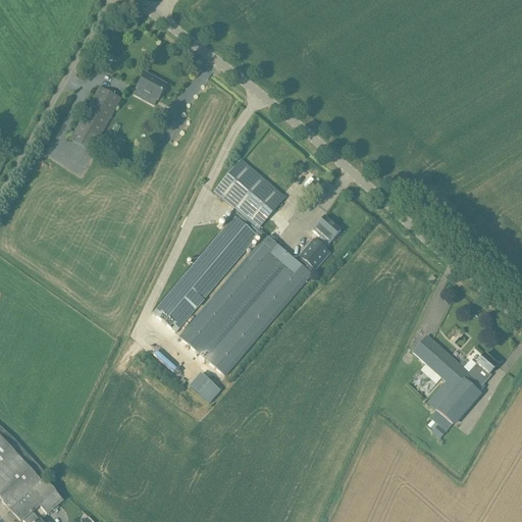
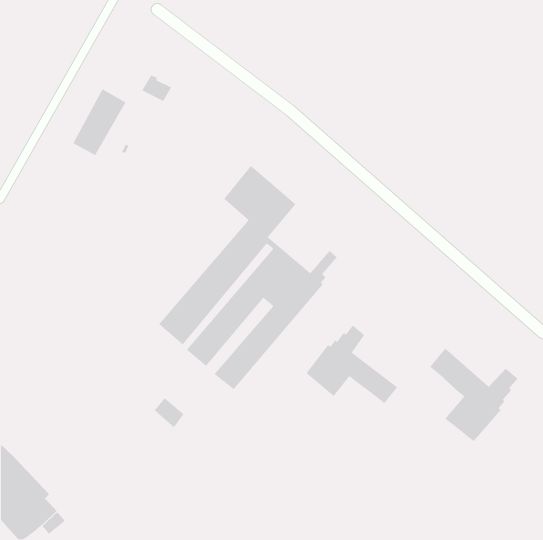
building: [312,215,341,243] -> none
building: none -> [306,325,398,404]
building: [190,373,219,403] -> [154,397,185,428]

